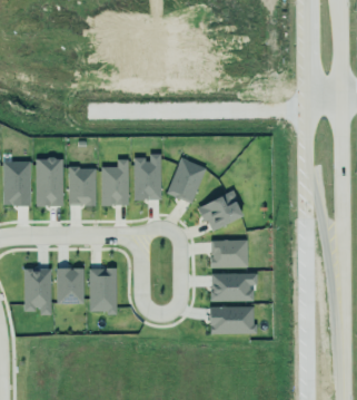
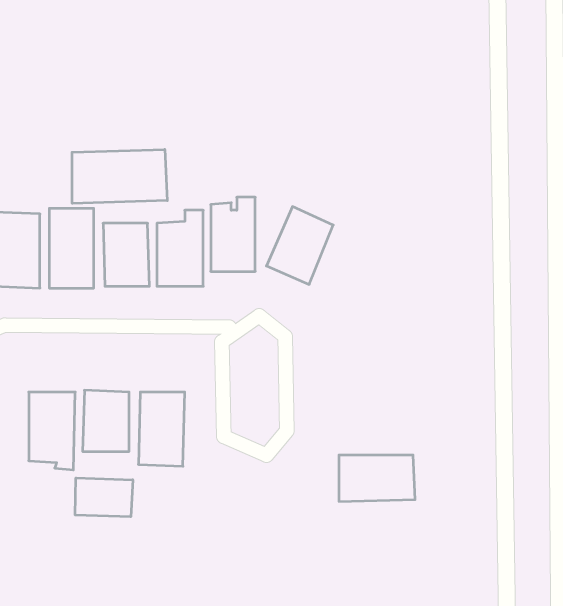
building: none -> [72,149,167,203]
building: [198,191,244,232] -> none
building: [210,240,248,269] -> none
building: [210,273,255,301] -> none
building: none -> [75,478,133,517]

